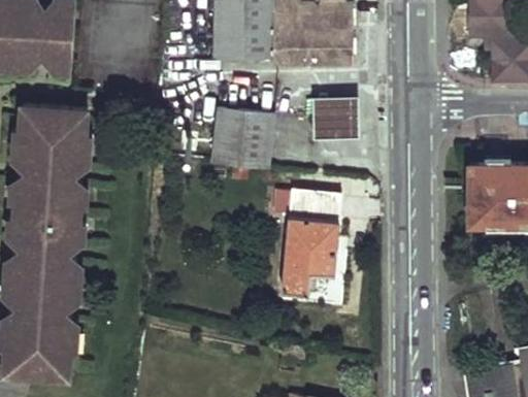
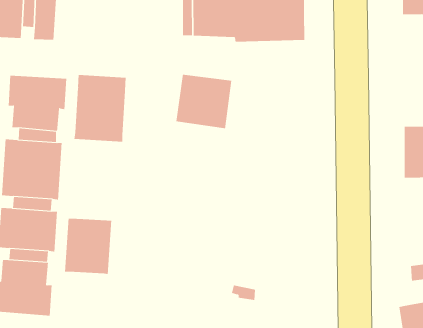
building: [312,96,359,137] -> none
building: none -> [74,74,126,143]
building: [283,193,338,295] -> none
building: none -> [65,218,112,275]

